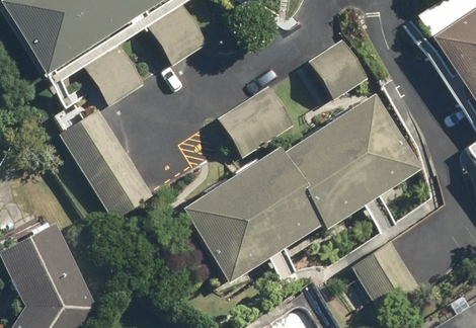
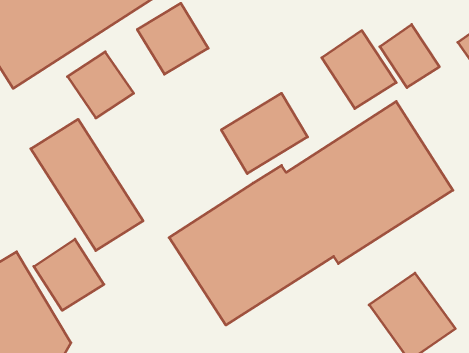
building: none -> [380,24,439,88]
building: none -> [34,239,104,310]

